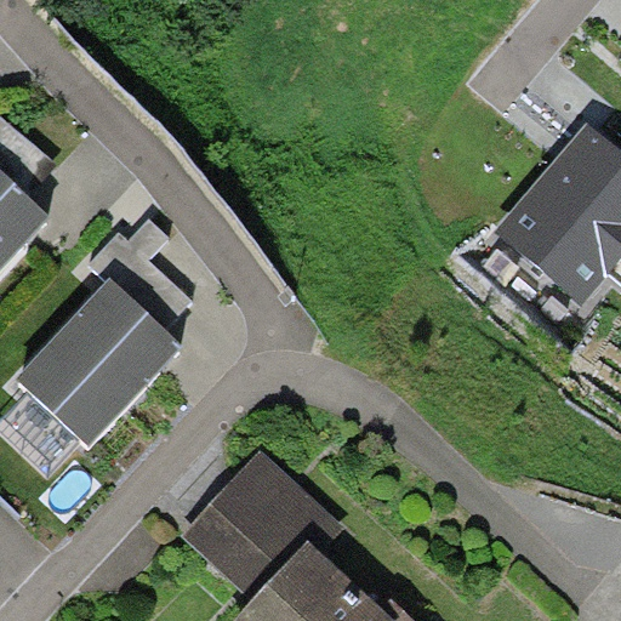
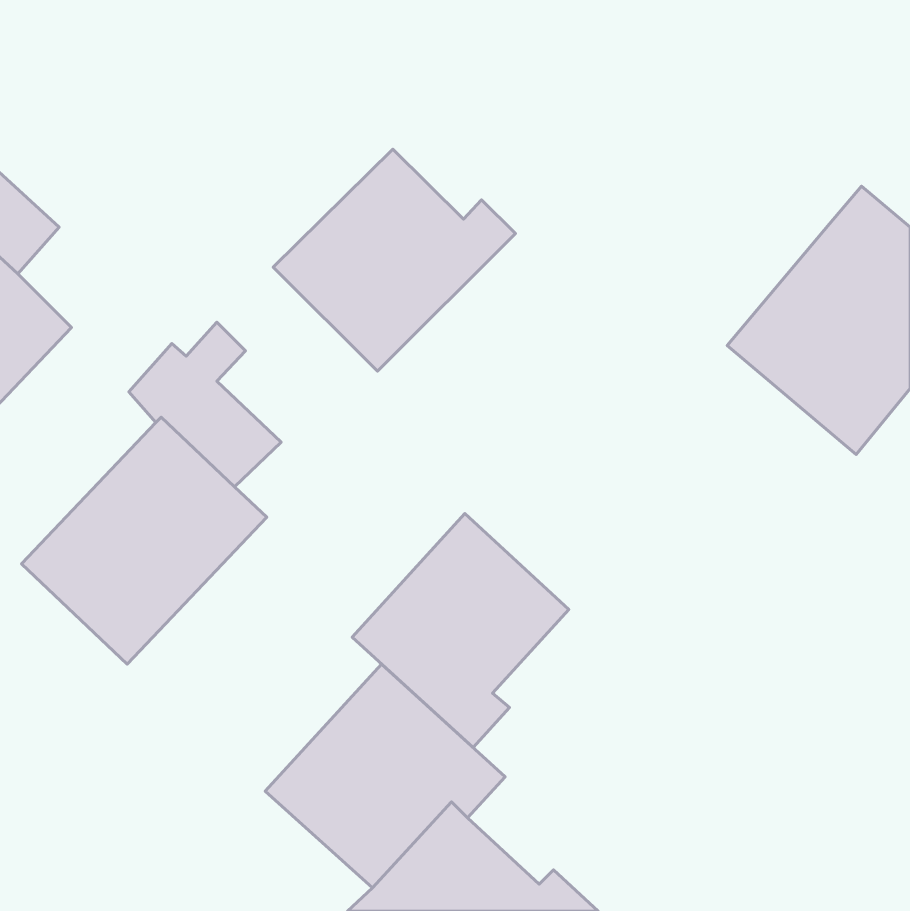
building: none -> [273,149,515,371]
building: none -> [352,513,569,748]

